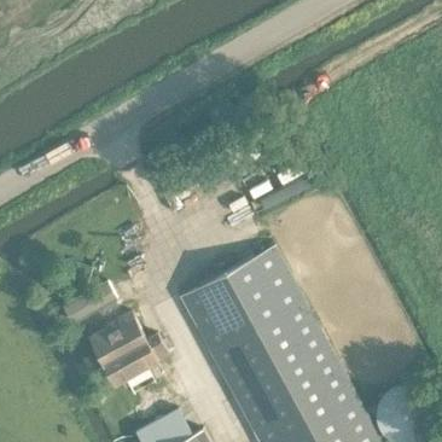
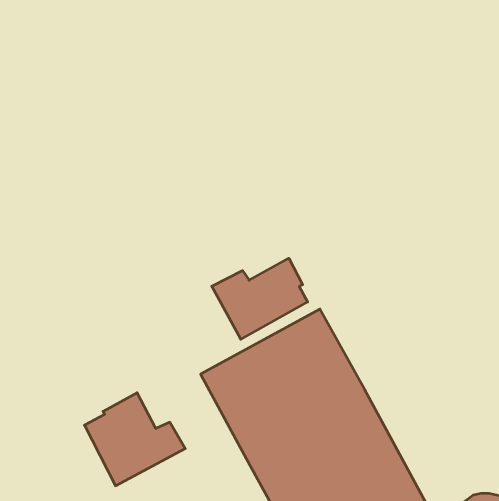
building: none -> [212,258,308,339]

